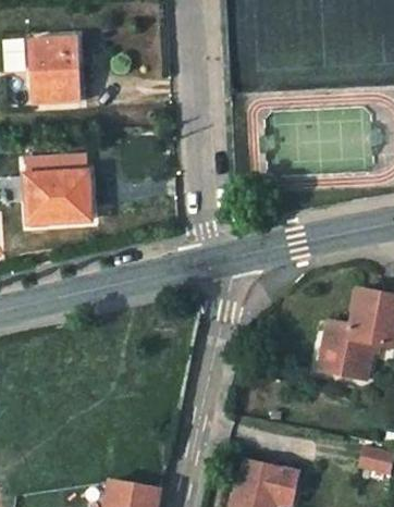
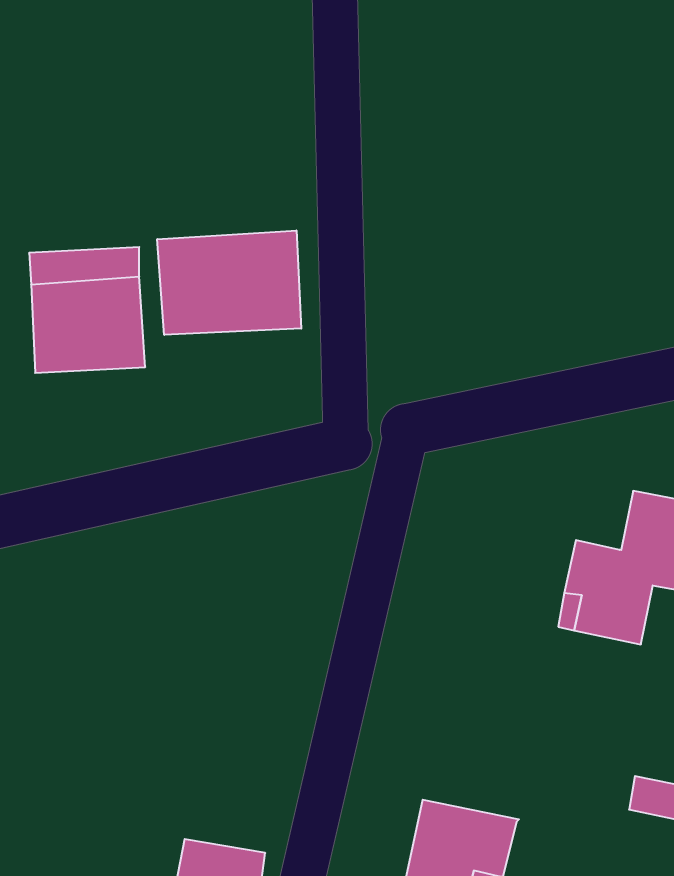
building: [30,39,77,103] -> none
building: none -> [157,230,301,335]

